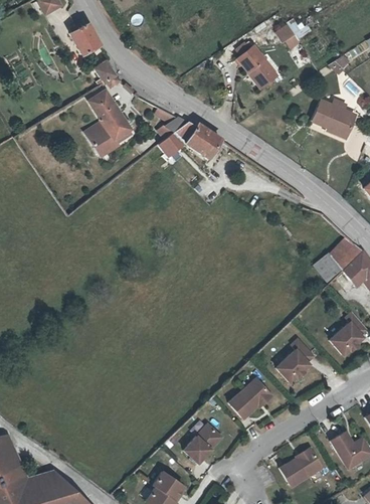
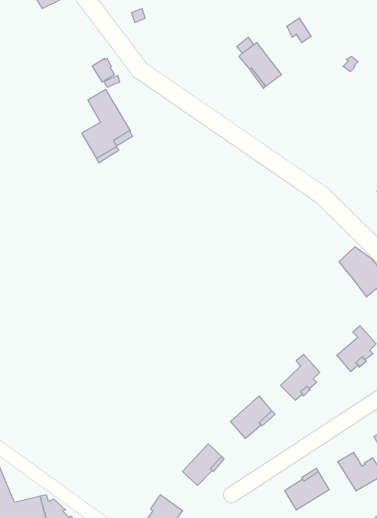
building: [73,20,103,55] -> none
building: [314,101,358,138] -> none
building: [161,111,224,158] -> none
building: [315,253,343,281] -> none

